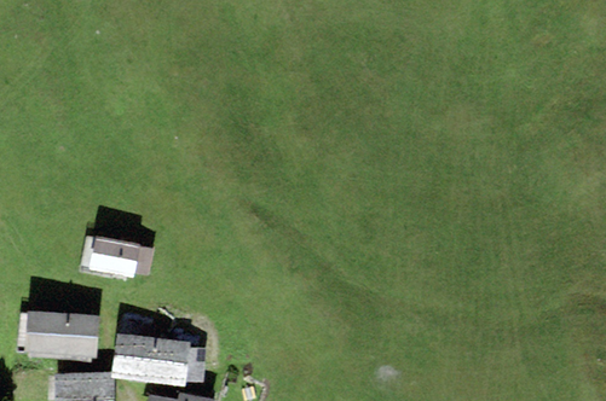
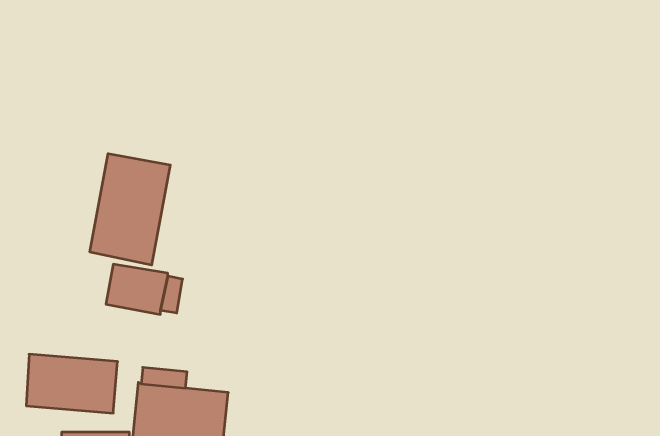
building: none -> [90,154,170,265]

